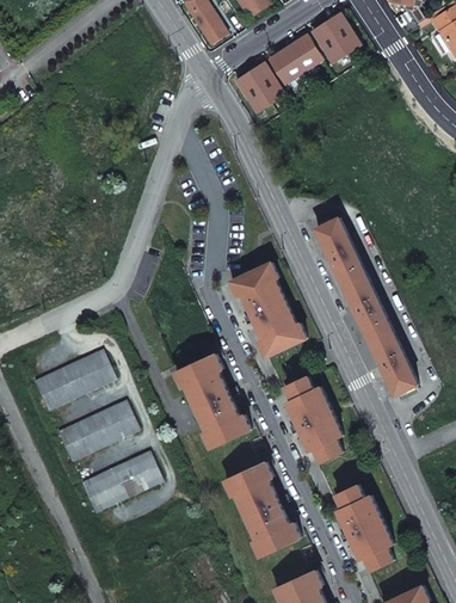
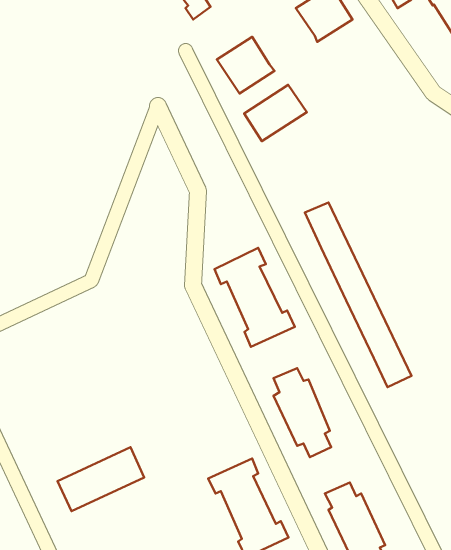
building: [266,33,326,87] -> [244,85,307,141]
building: [33,350,116,411] -> none
building: [174,353,251,448] -> none
building: [57,400,140,461] -> none

